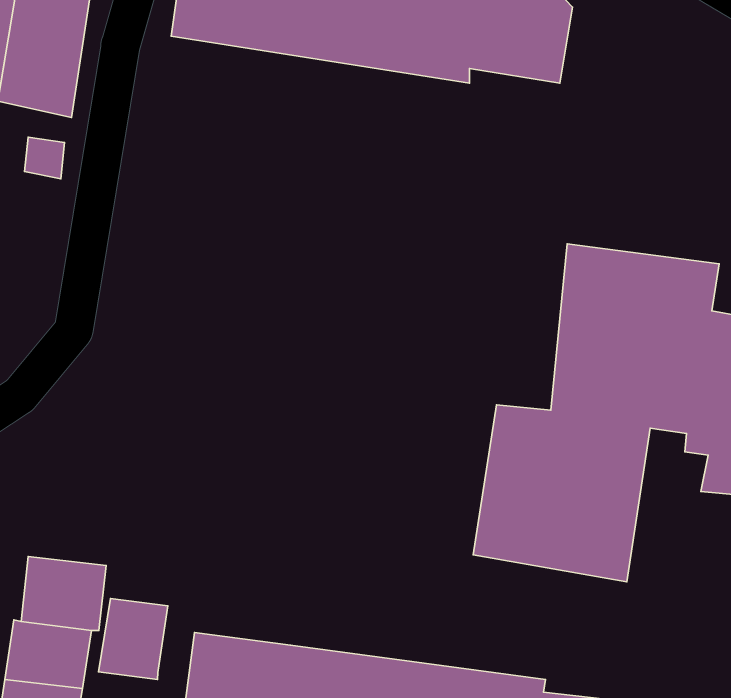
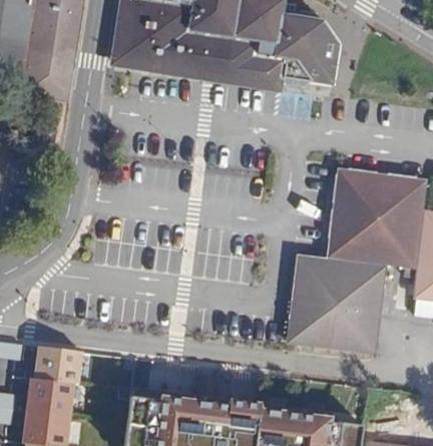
building: [98,599,168,679] -> none

